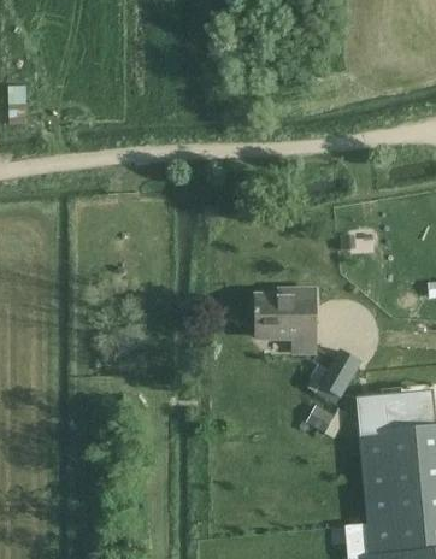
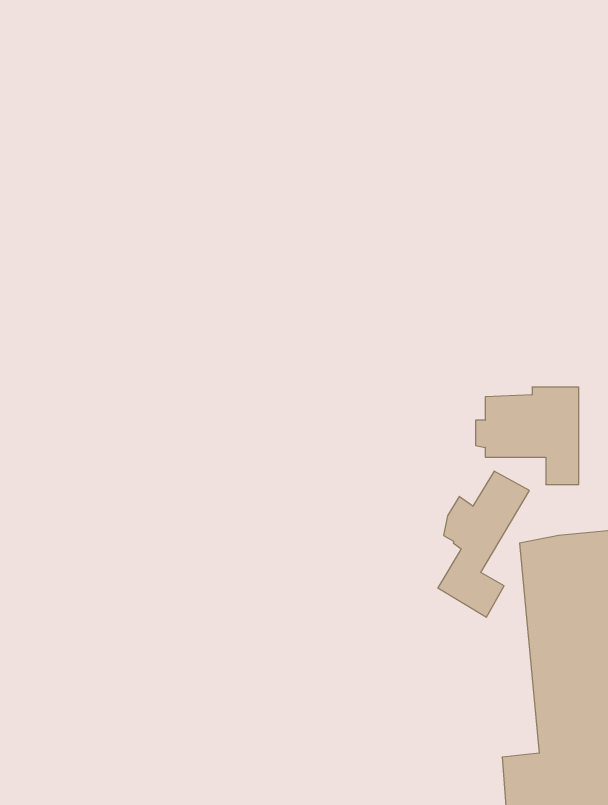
building: [251,295,314,355] -> [476,387,579,484]

